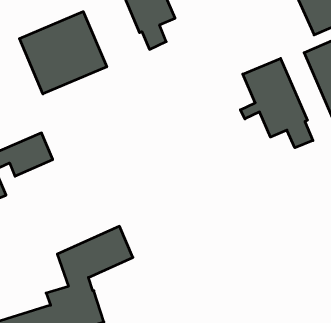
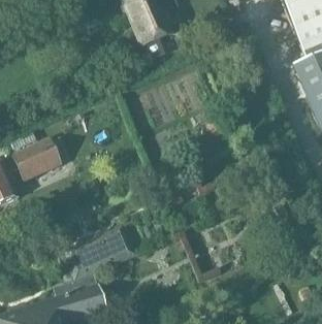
building: [19,12,107,94] -> none
building: [240,58,313,148] -> none

